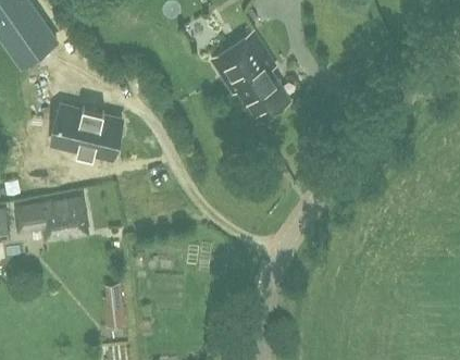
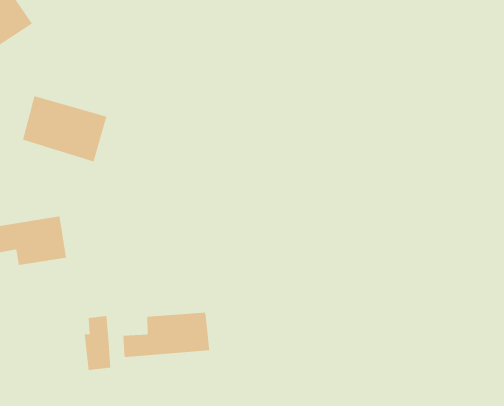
building: [209,30,289,122] -> none
building: none -> [123,312,210,358]

